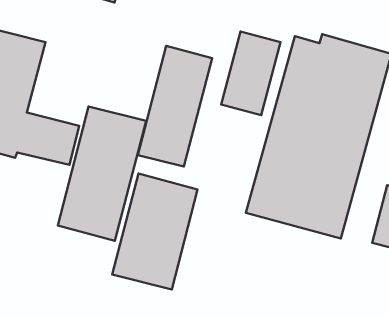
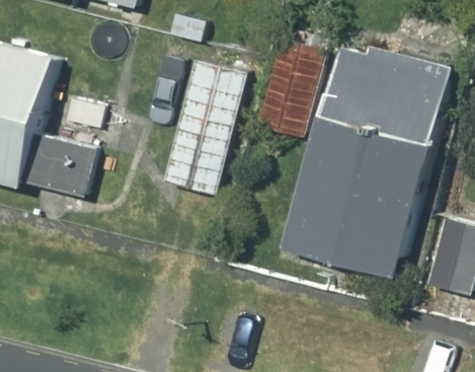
building: [58,106,146,241] -> none
building: [112,174,198,290] -> none

